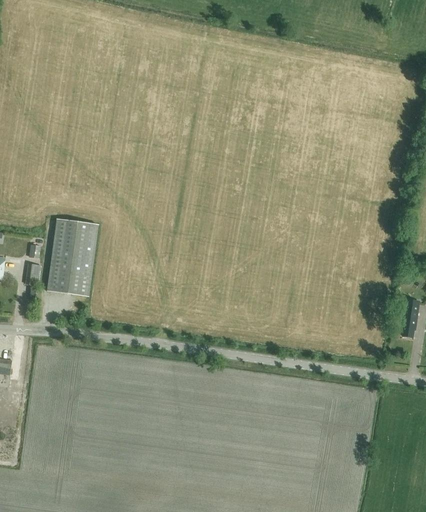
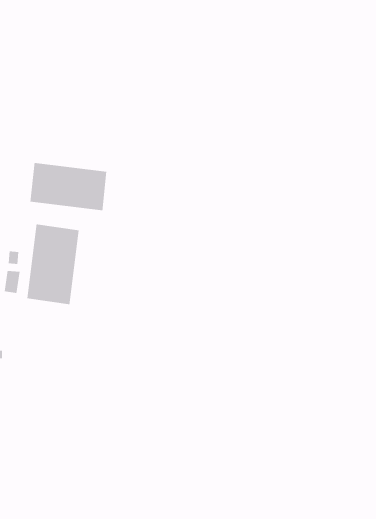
building: none -> [30,162,107,211]

